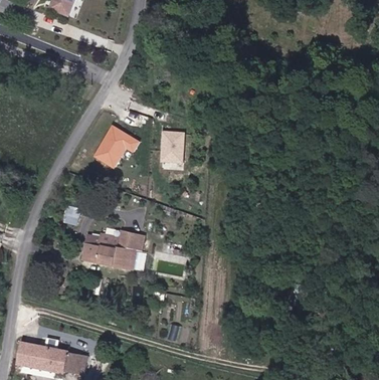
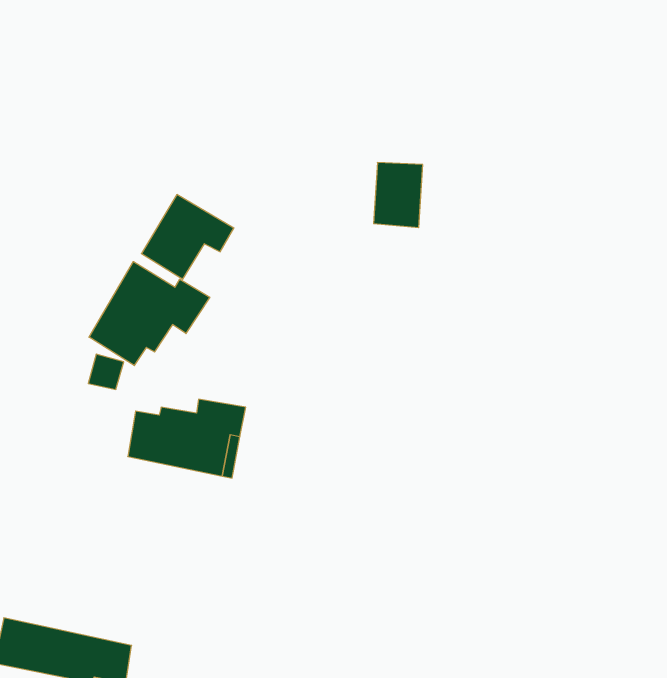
building: [158,131,183,164] -> [374,163,423,228]
building: none -> [89,262,210,366]

